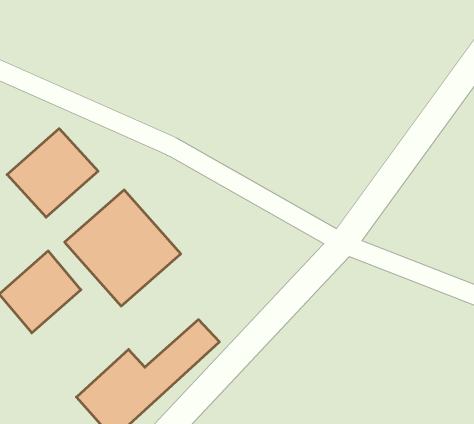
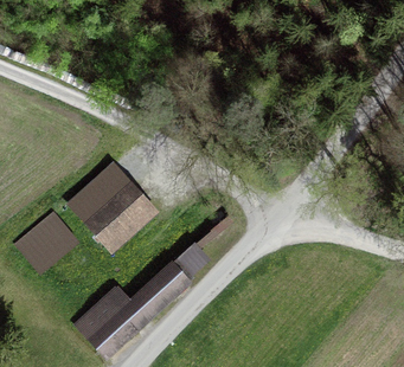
building: [7,129,98,217] -> none

